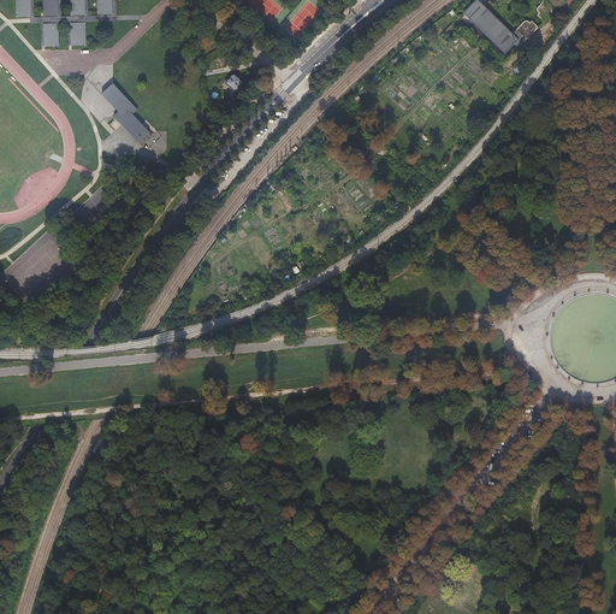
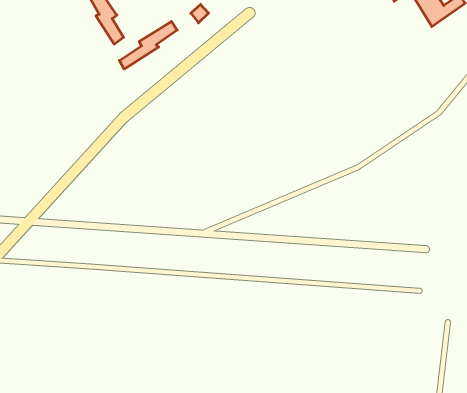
building: none -> [119,21,177,69]

